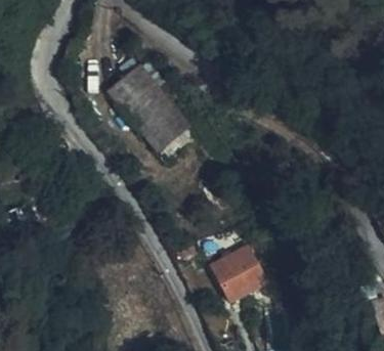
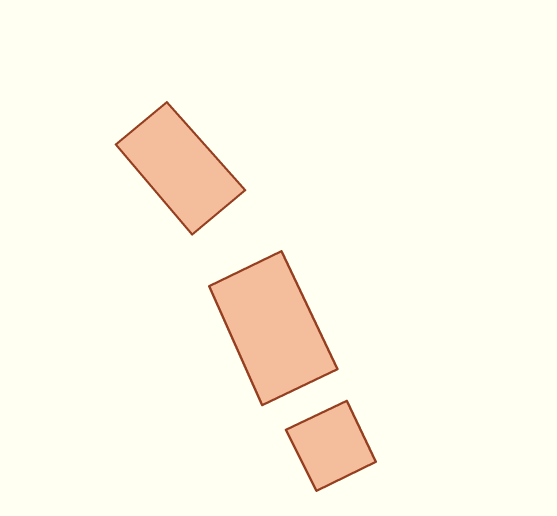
building: none -> [209,251,338,405]

